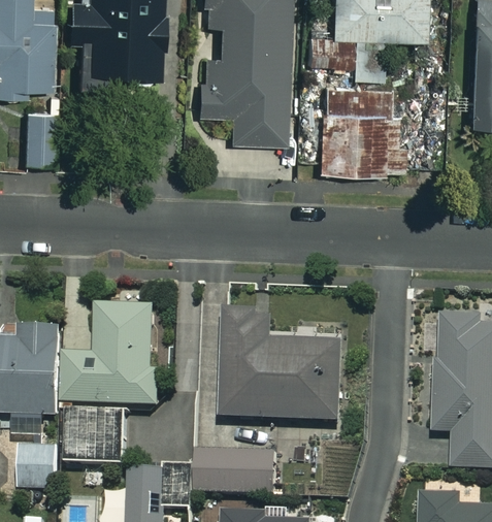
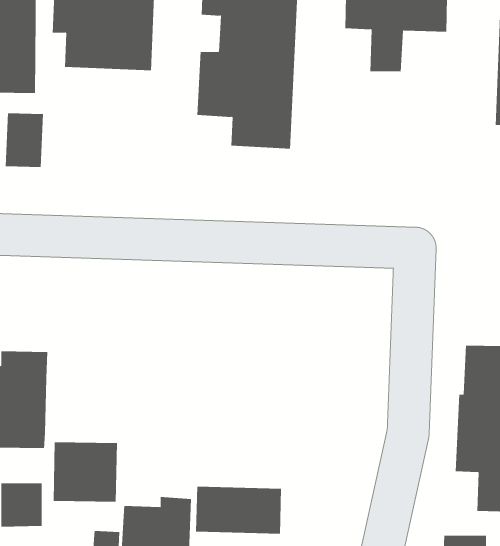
building: [321,81,405,168] -> none
building: [61,302,160,401] -> none
building: [221,312,340,419] -> none

